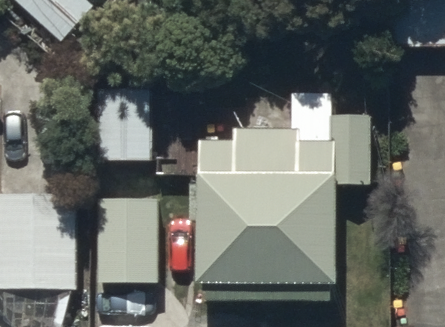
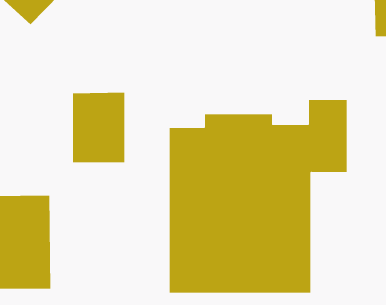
building: [99,198,164,282] -> none

